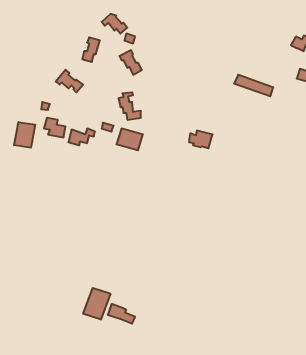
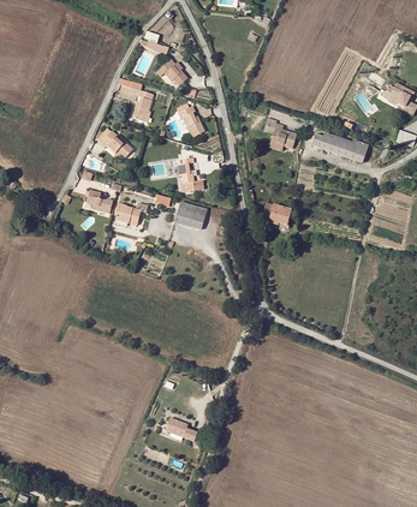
building: none -> [264,118,297,149]
building: [14,122,35,148] -> none
building: [83,288,110,320] -> none

